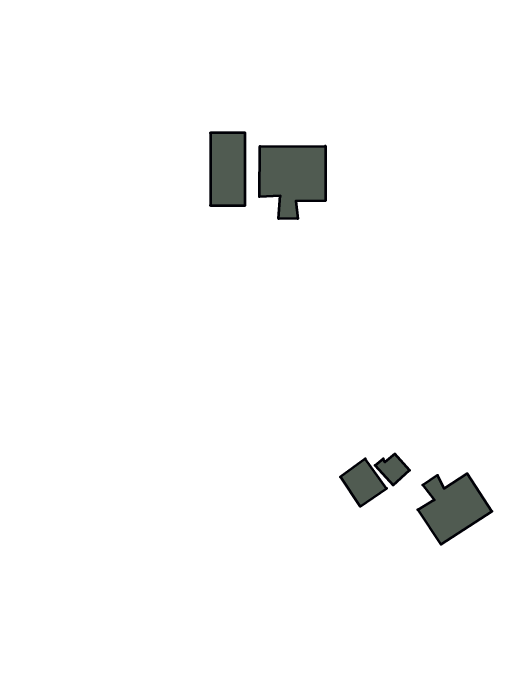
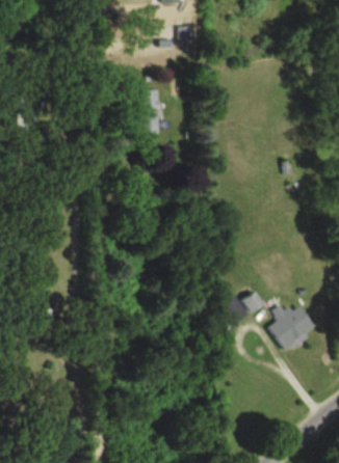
building: [259,146,325,219] -> none

